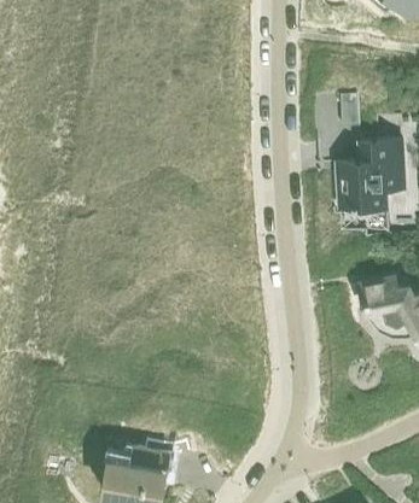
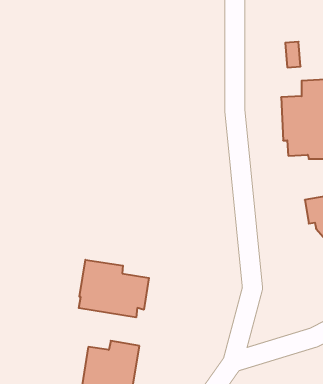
building: none -> [79,260,149,317]

